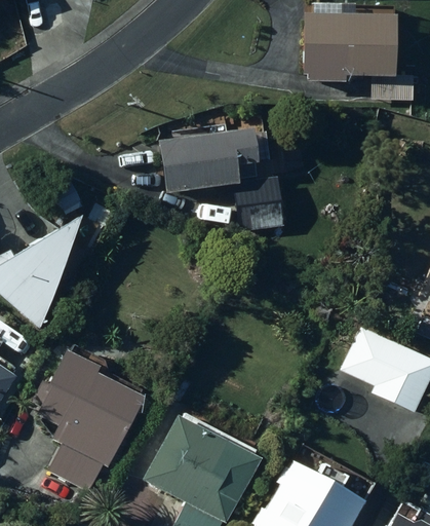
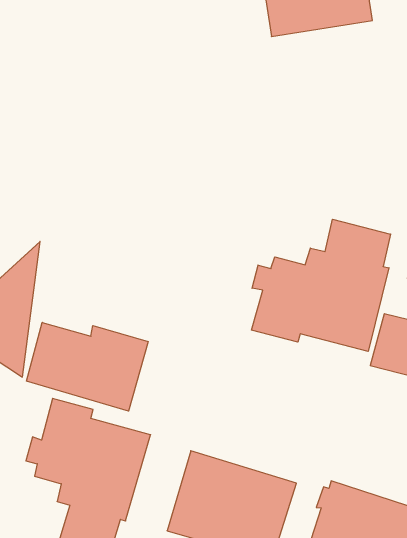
building: [158,127,286,232] -> none
building: none -> [252,219,391,351]
building: none -> [26,322,148,411]

